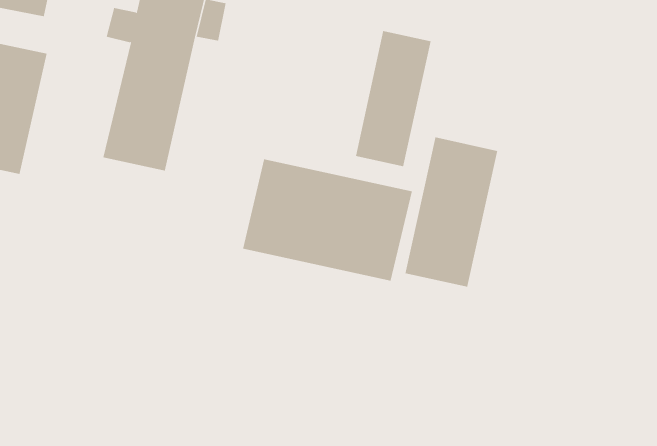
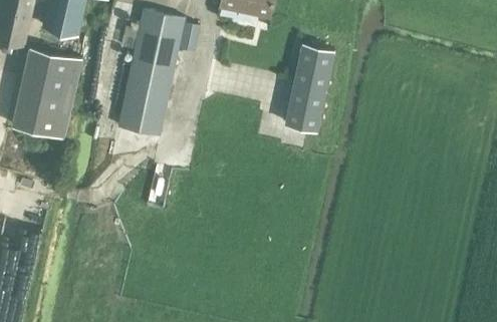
building: [405,137,498,288] -> none
building: [242,158,412,282] -> none

